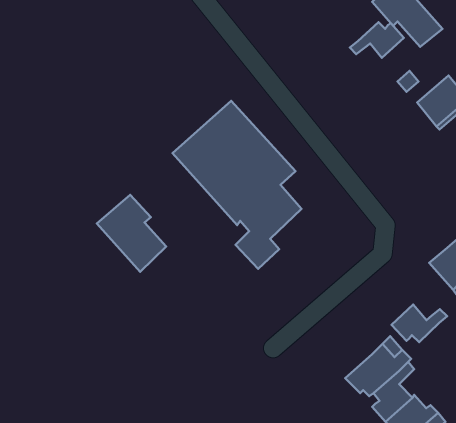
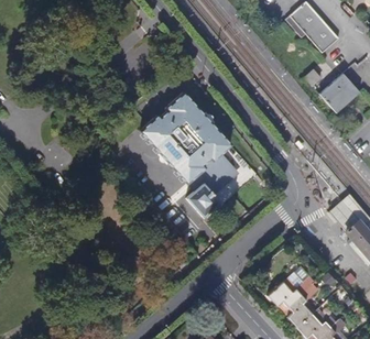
building: [350,22,404,58] -> none
building: [97,195,166,272] -> none
building: [392,304,447,342] -> none

